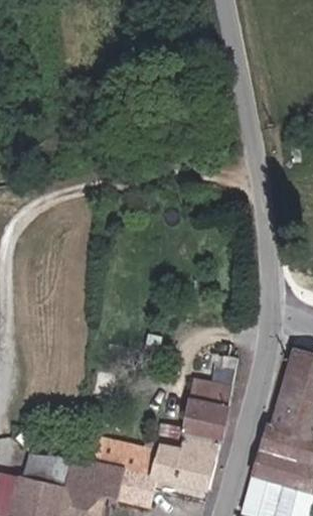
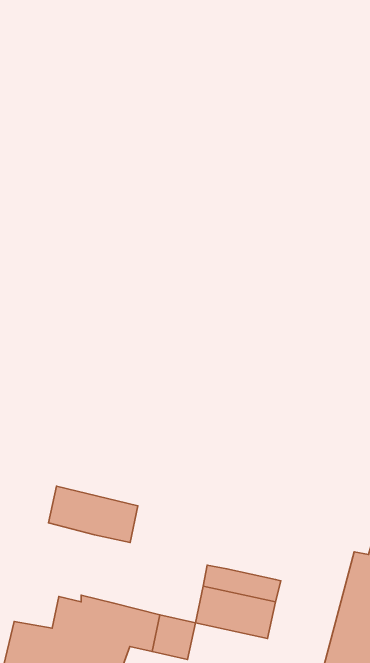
building: [177,380,227,447] -> none
building: [91,437,159,481] -> [49,486,138,543]

